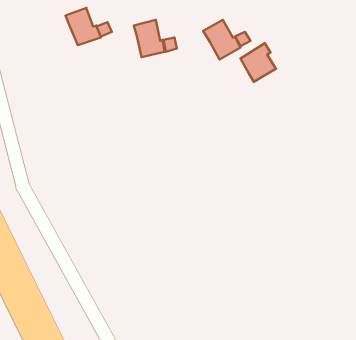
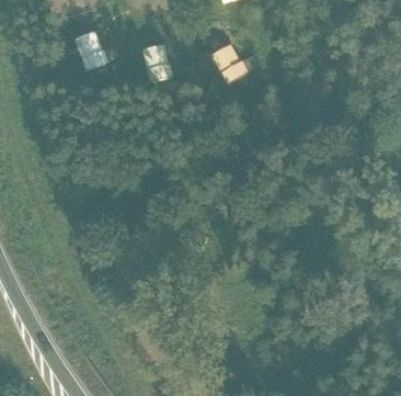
building: [241,43,276,82] -> none

